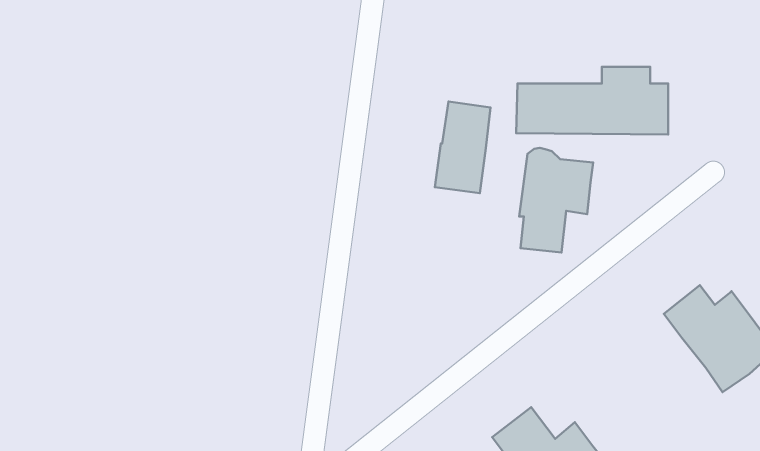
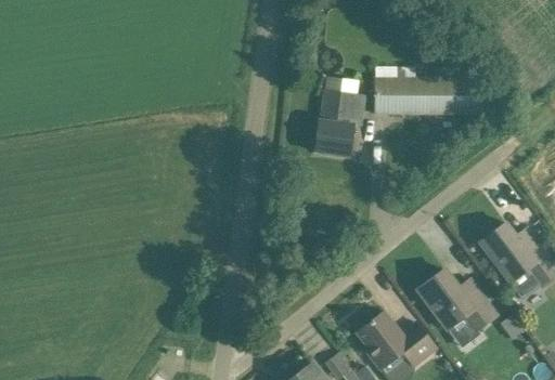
building: [519,148,593,252] -> none
building: none -> [416,268,496,332]

